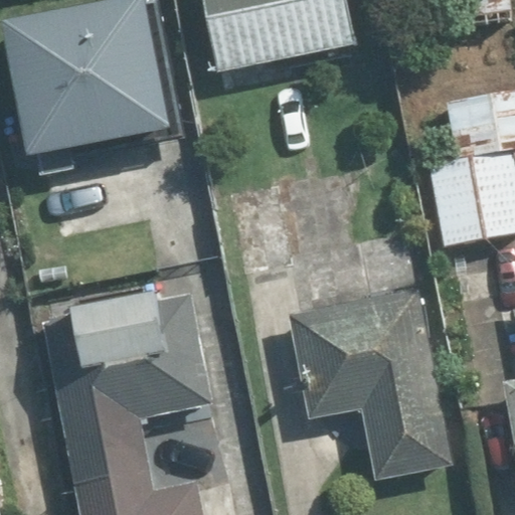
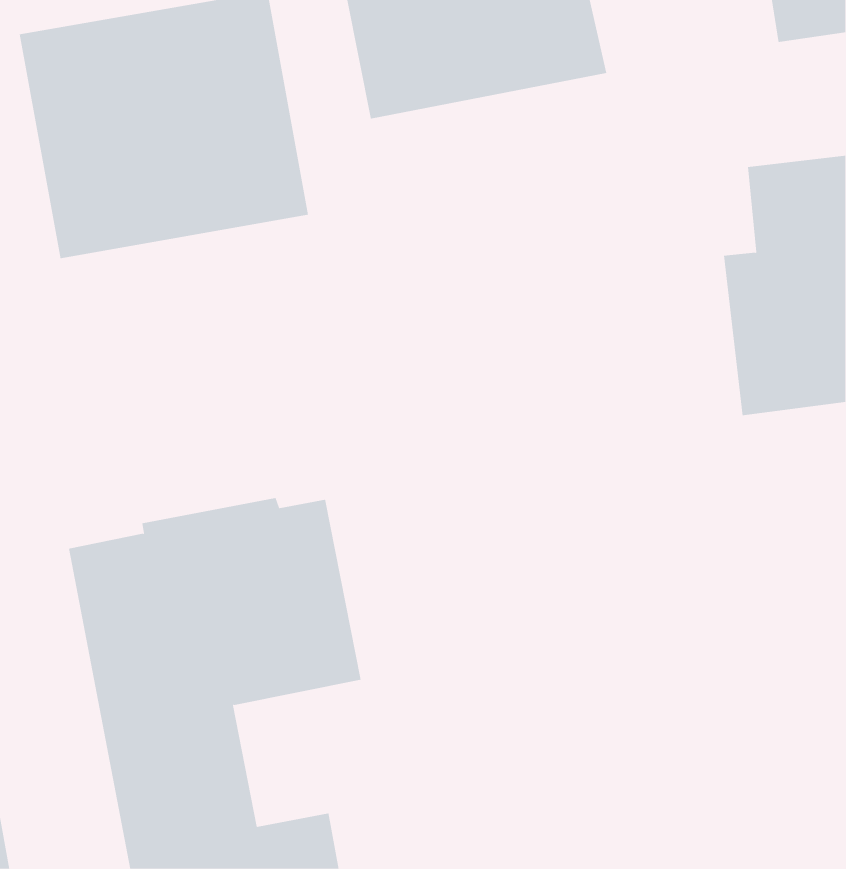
building: [287,288,450,481] -> none

